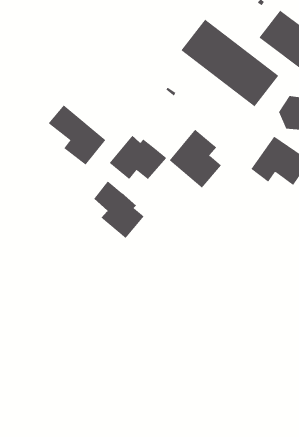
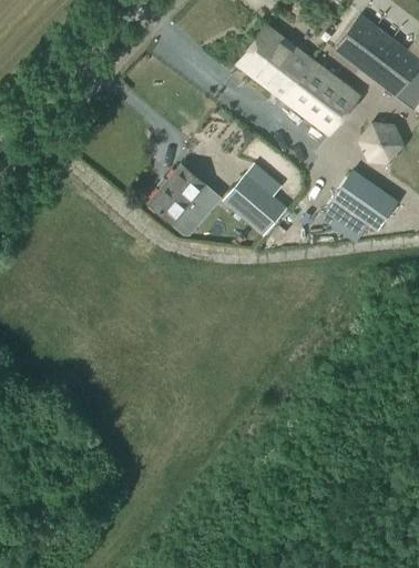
building: [48,105,106,166] -> none
building: [93,181,145,239] -> none

